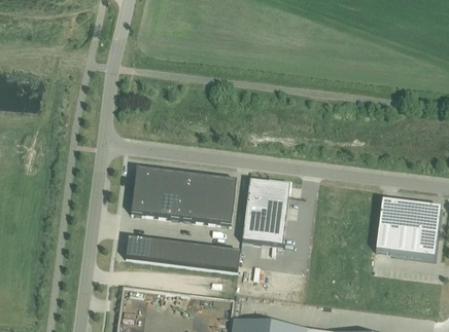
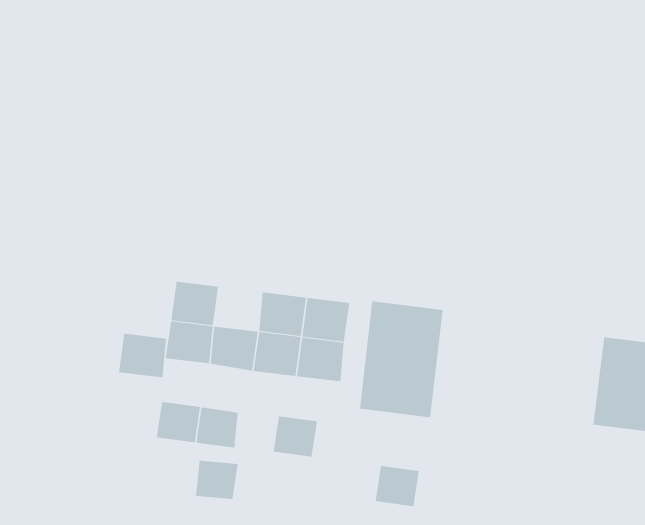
building: [159,170,186,195] -> [118,333,167,378]
building: [171,242,196,264] -> [195,460,238,500]
building: [215,247,241,270] -> [375,465,420,507]

